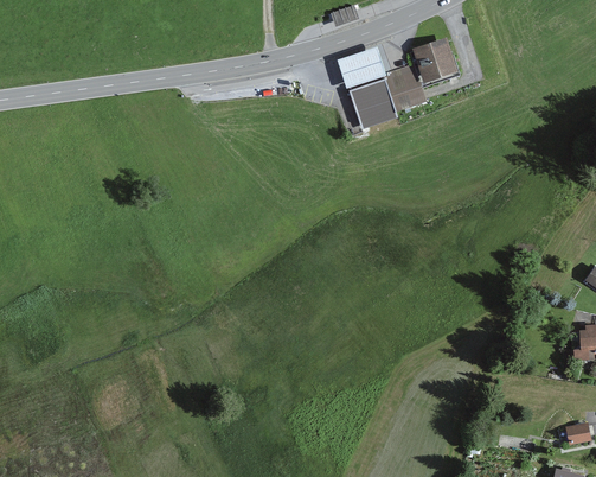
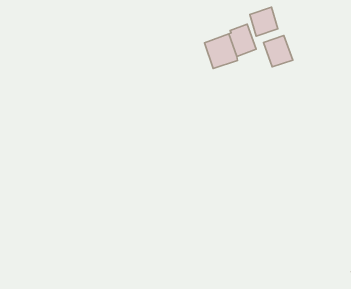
building: [338,47,384,85] -> none
building: none -> [263,36,293,67]

